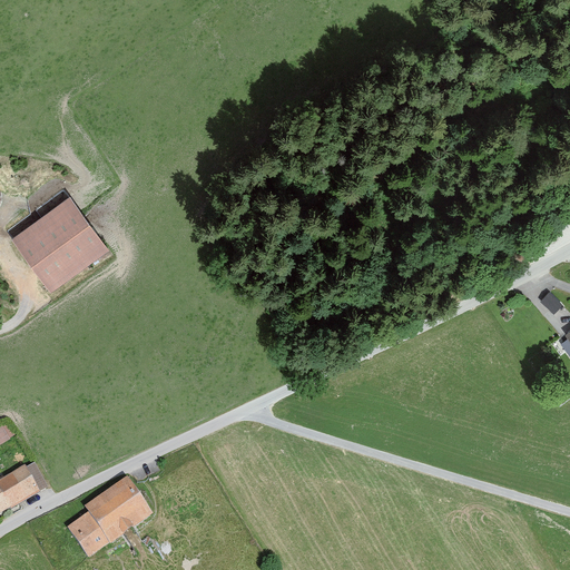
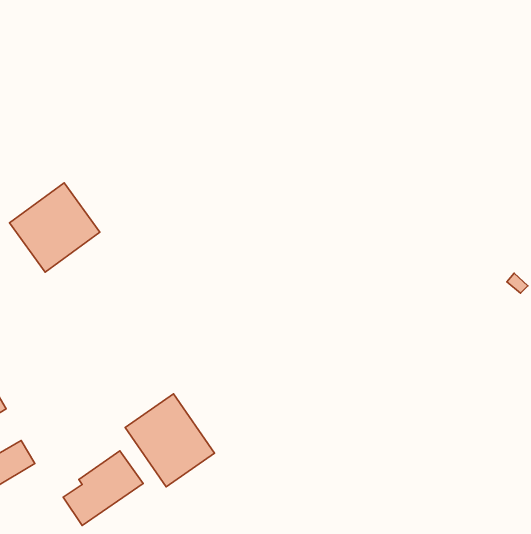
building: none -> [125,394,215,487]

